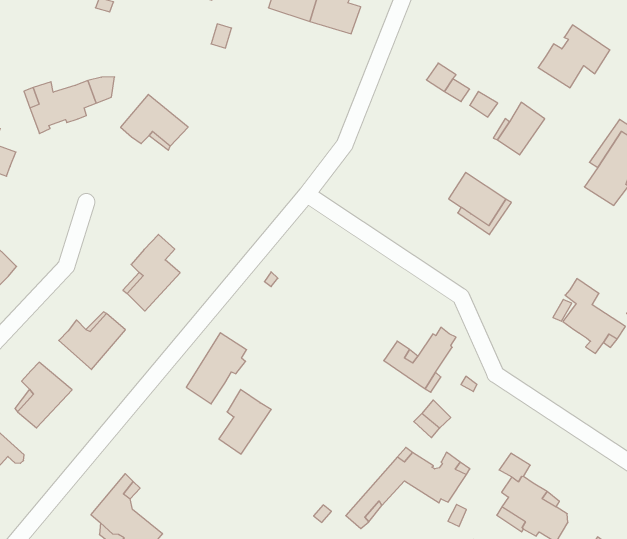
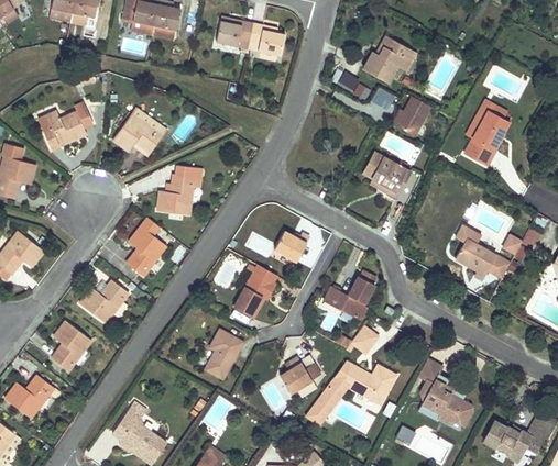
building: [538,25,610,88] -> [362,35,415,82]
building: none -> [156,165,200,214]
building: none -> [274,230,309,260]
building: [186,333,247,404] -> [233,264,276,318]
building: none -> [280,356,321,392]

